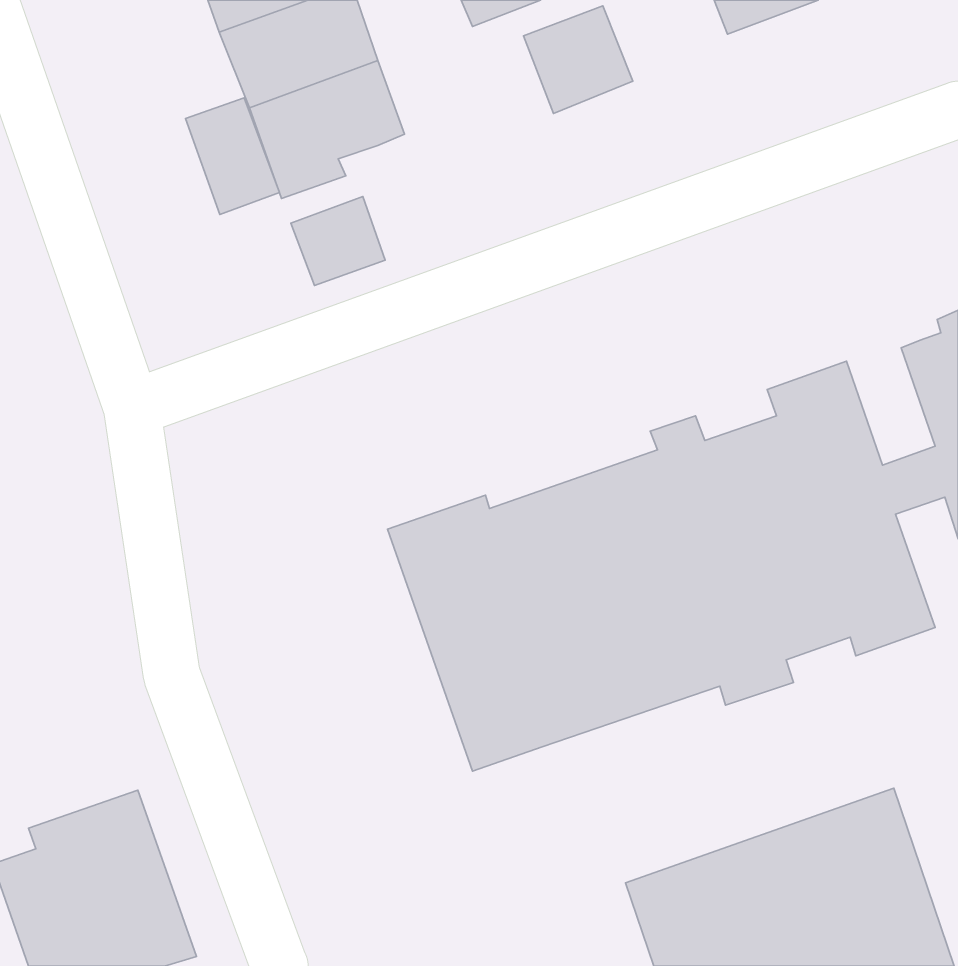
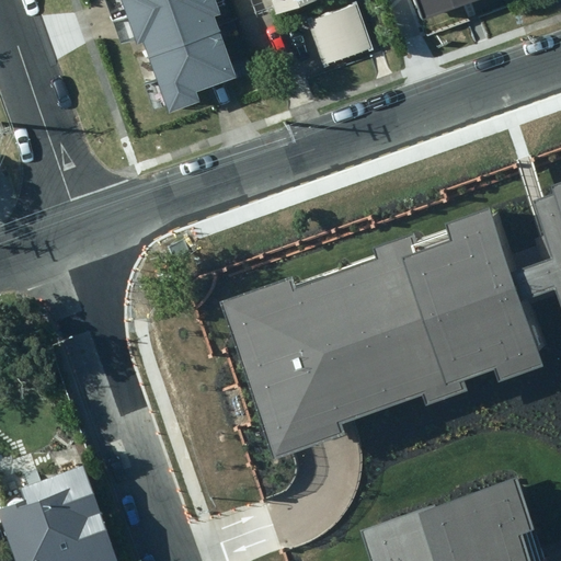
building: [185,98,279,215] -> none
building: [291,197,385,286] -> none

